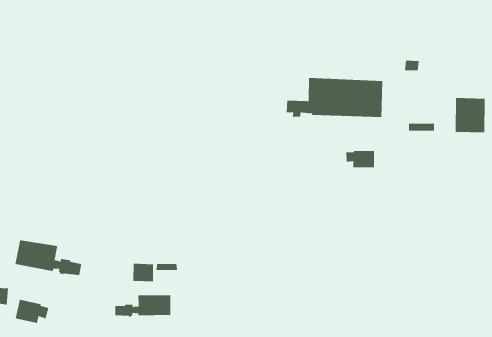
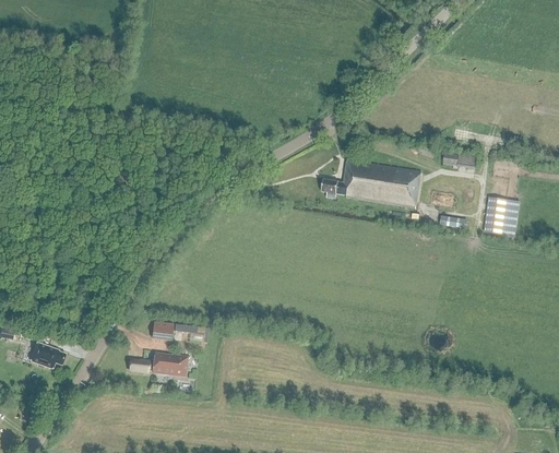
building: [346,150,374,168] -> none
building: [15,239,82,276] -> none

